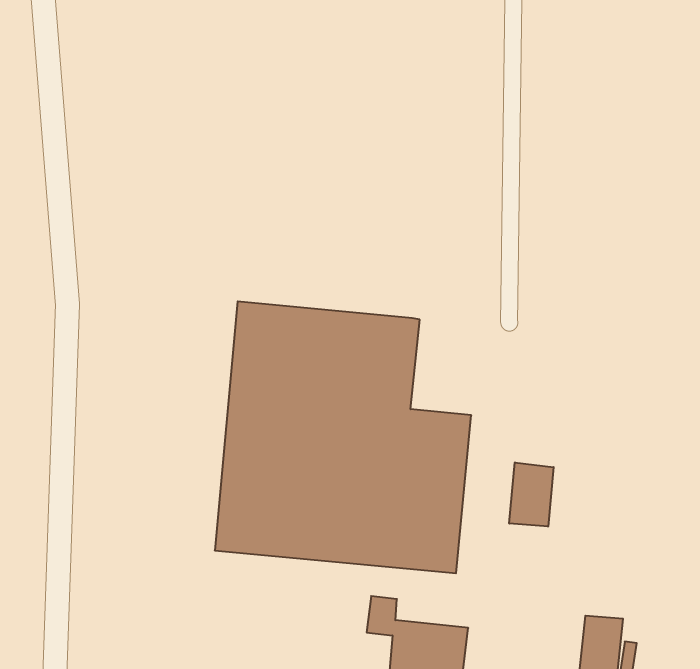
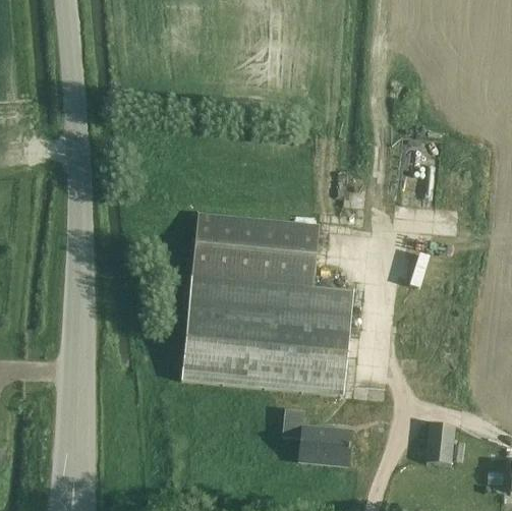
building: [509,462,554,527] -> none

